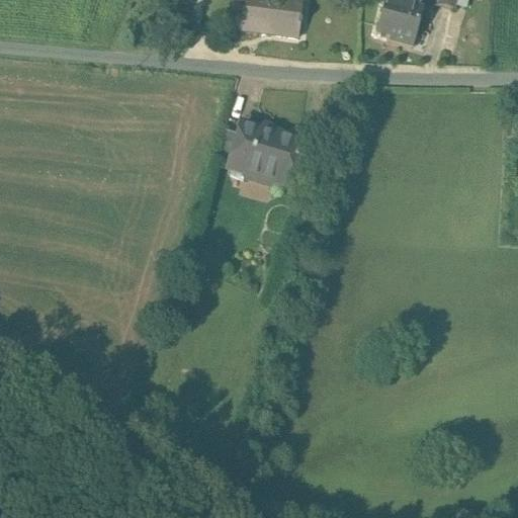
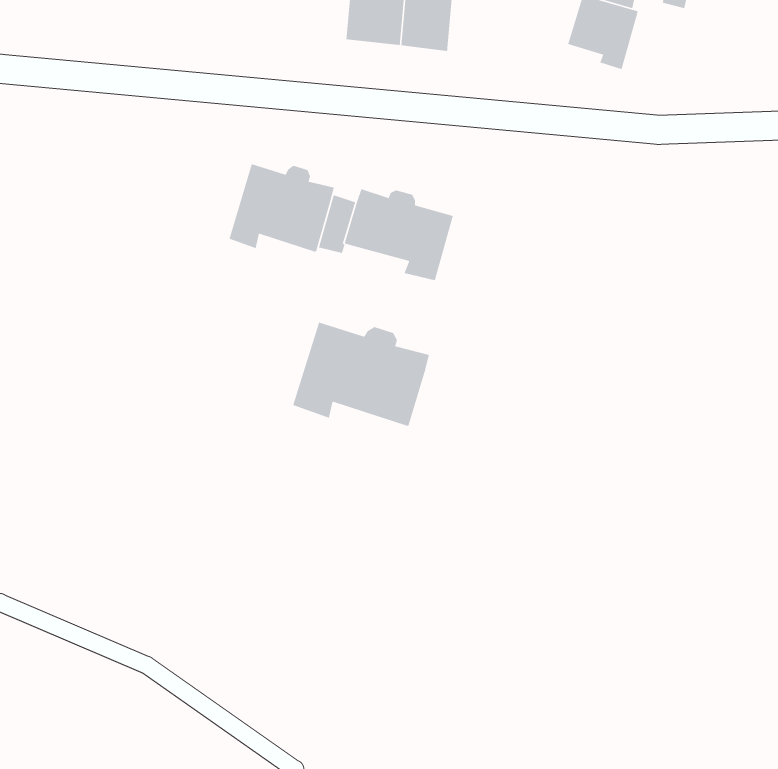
building: none -> [228,163,335,252]
building: none -> [292,321,430,427]

